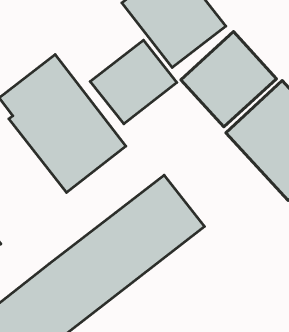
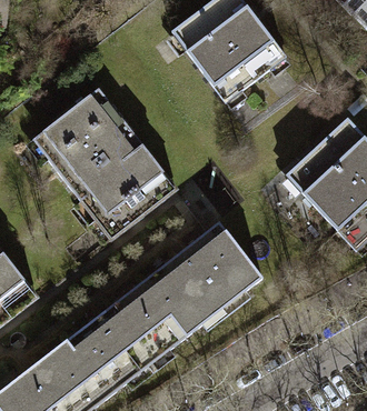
building: [181,32,276,127] -> none
building: [90,40,177,124] -> none

